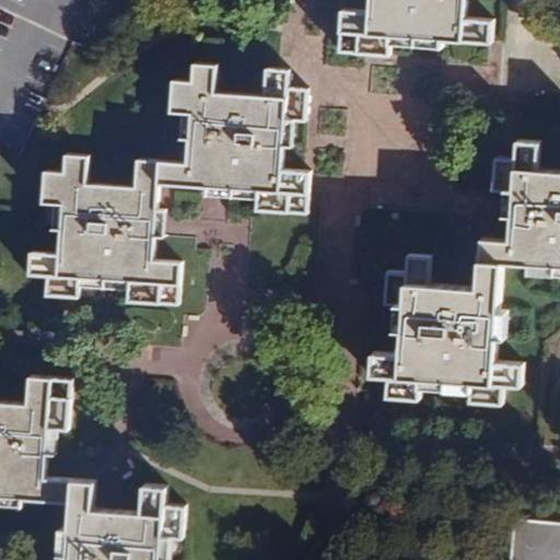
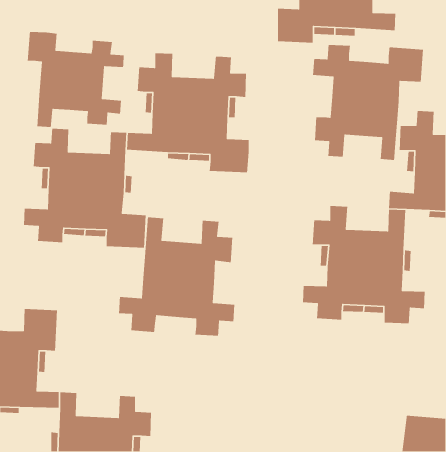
building: none -> [27,31,125,128]
building: none -> [312,44,424,161]
building: none -> [118,217,235,336]

